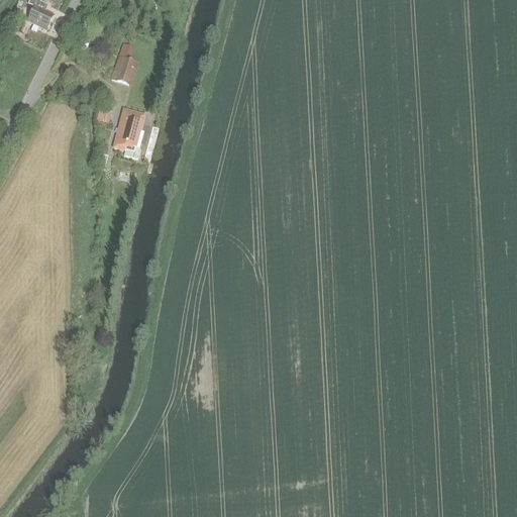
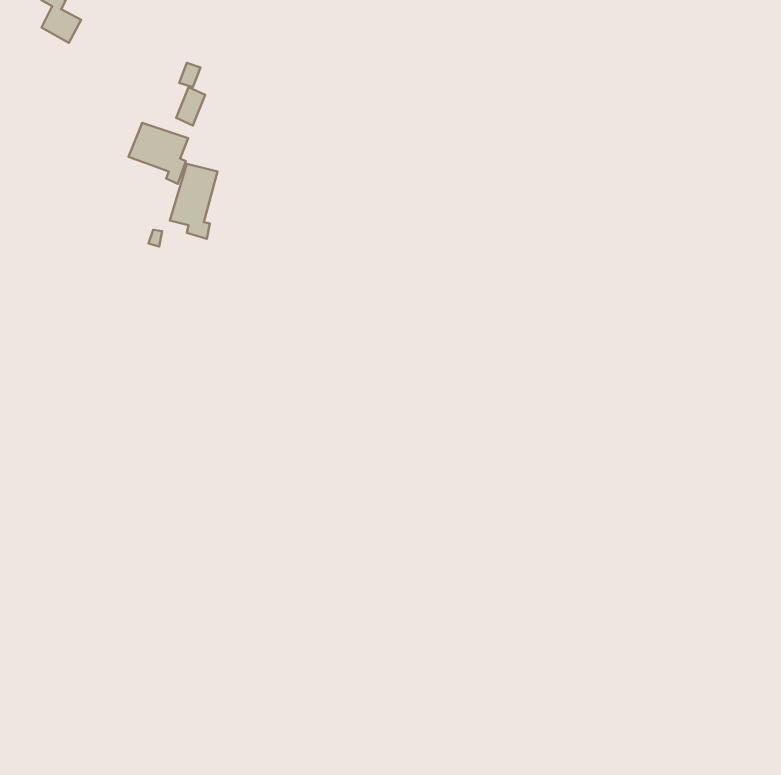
building: none -> [129,123,188,184]

